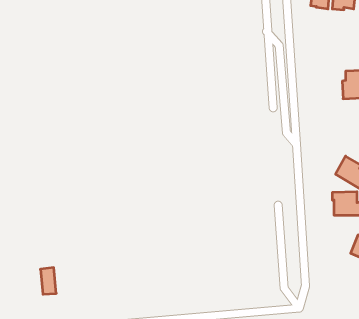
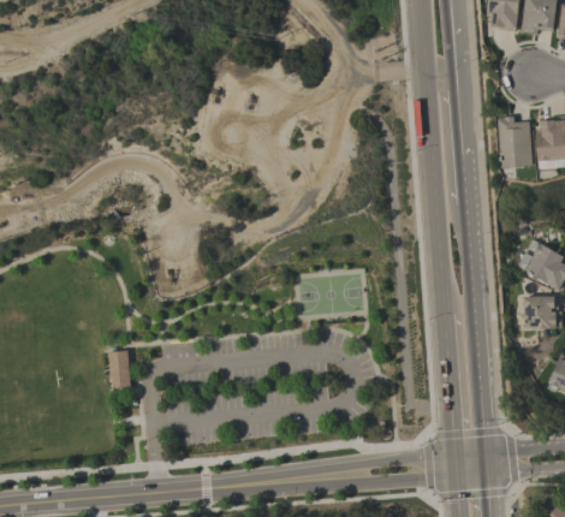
building: none -> [498,114,533,167]
building: [40,268,56,294] -> [107,349,130,387]

